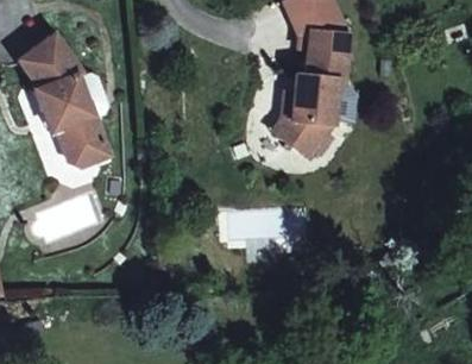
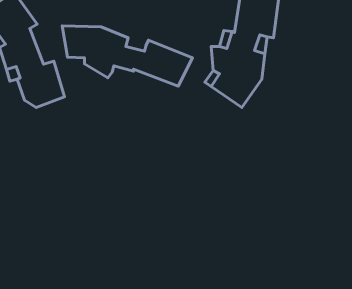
building: none -> [62,26,193,86]

